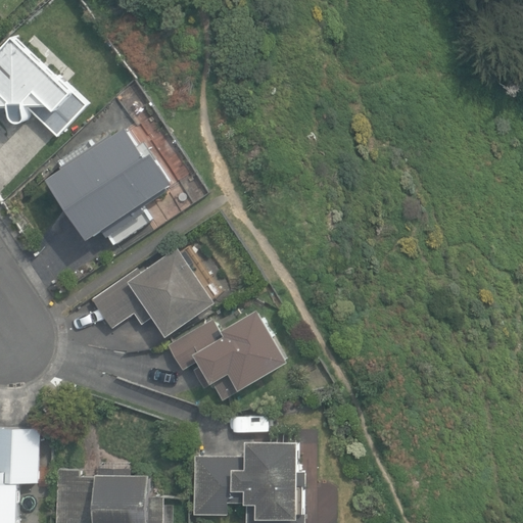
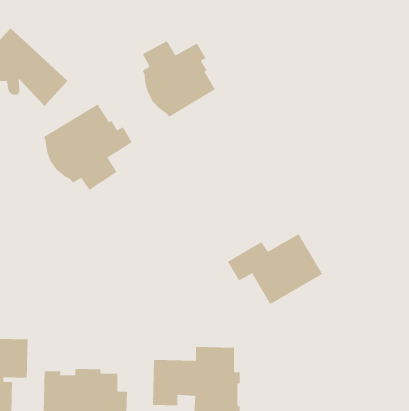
building: none -> [142,40,216,118]
building: [91,247,216,336] -> none
building: [167,310,288,400] -> [227,233,323,305]

